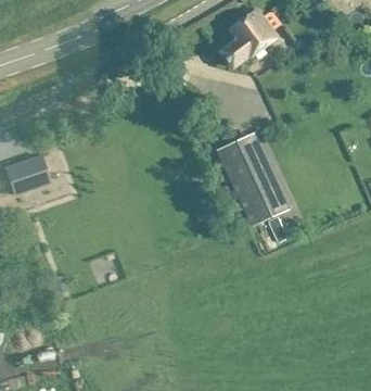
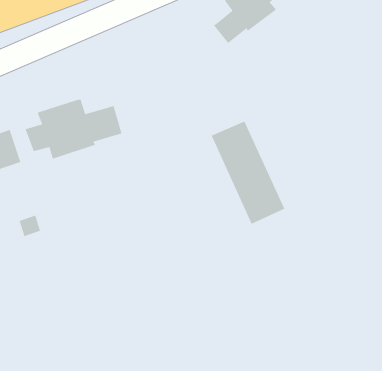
building: none -> [25,99,122,160]

